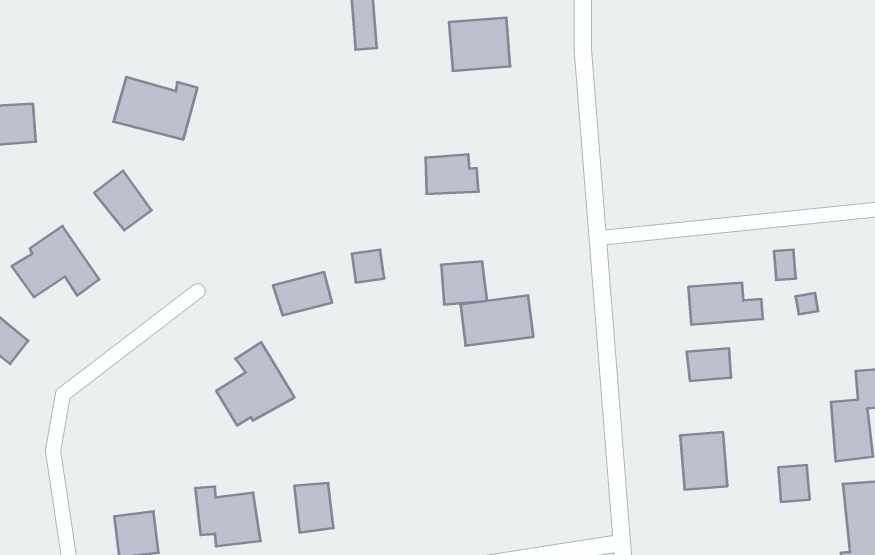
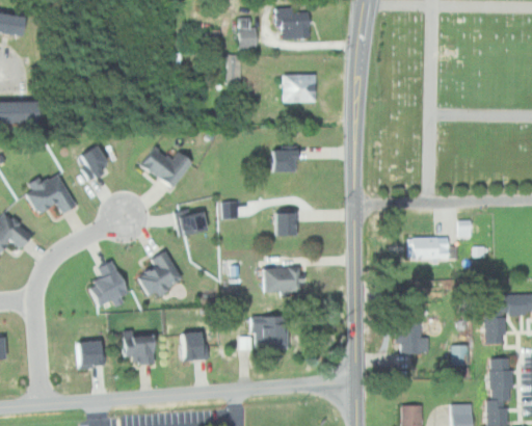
building: [113,77,197,139] -> [135,148,185,186]
building: [460,296,533,346] -> [259,267,299,293]
building: [687,348,731,381] -> none
building: none -> [82,259,127,308]
building: none -> [246,317,286,349]

